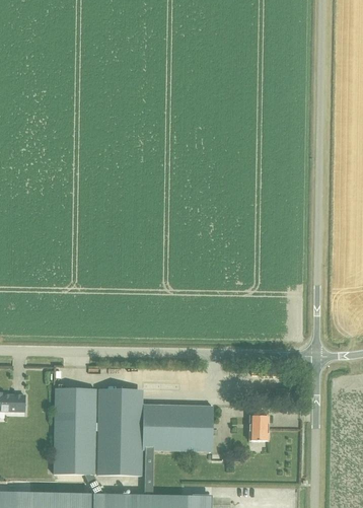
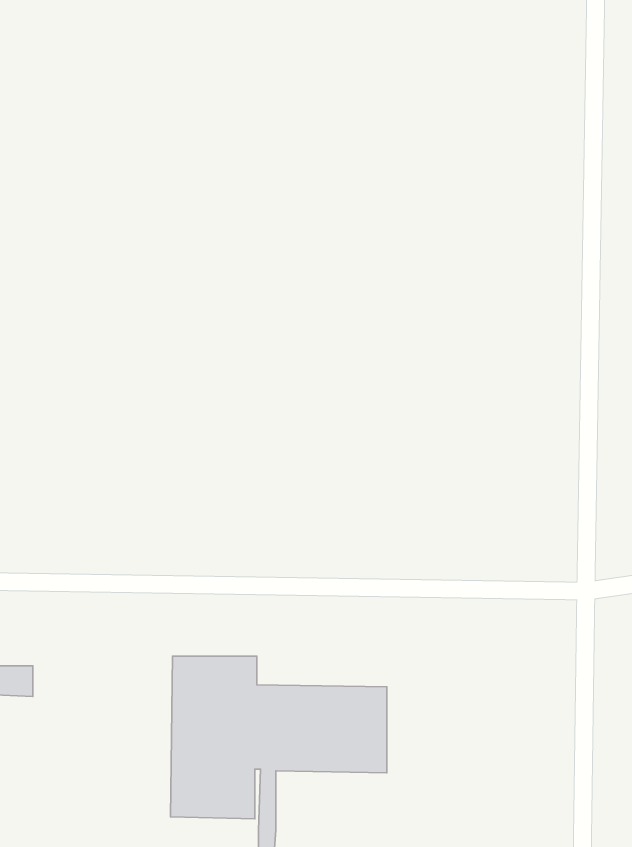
building: [54,388,96,475] -> none
building: [248,415,269,441] -> none

